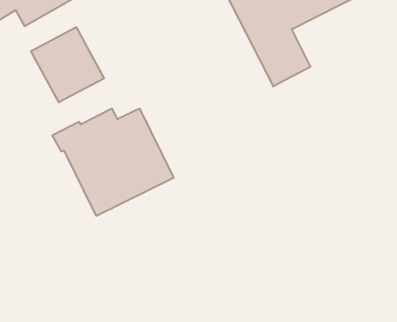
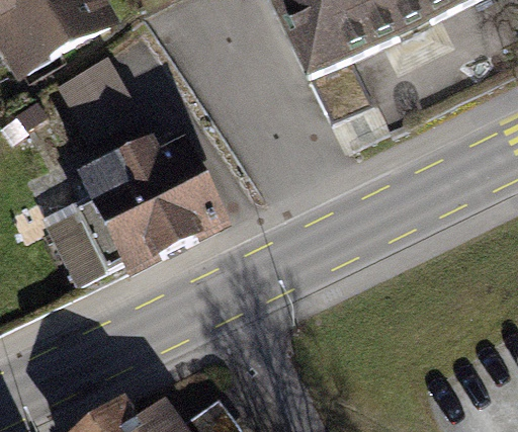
building: none -> [51,203,126,284]

